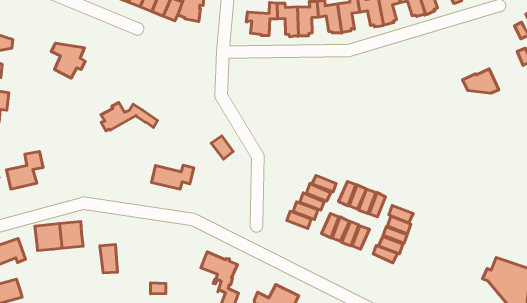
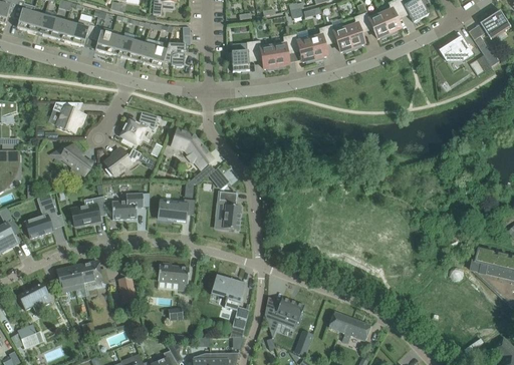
building: none -> [120,111,158,143]
building: [463,69,499,93] -> [440,37,474,59]
building: none -> [172,127,213,168]
building: none -> [51,143,92,176]
building: none -> [70,196,105,226]
building: none -> [111,193,150,219]
building: none -> [219,192,241,230]
building: none -> [158,262,189,290]

